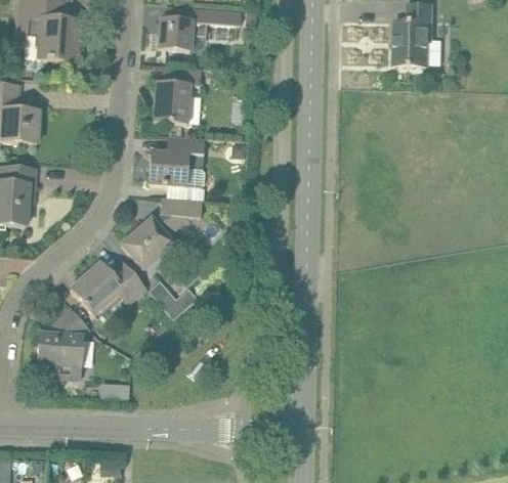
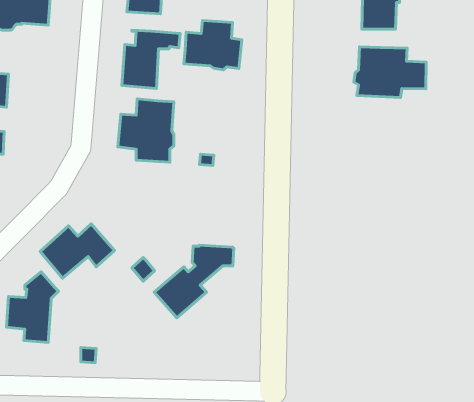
building: none -> [184,20,242,70]
building: none -> [354,47,426,97]
building: [123,195,203,268] -> [154,245,234,318]

